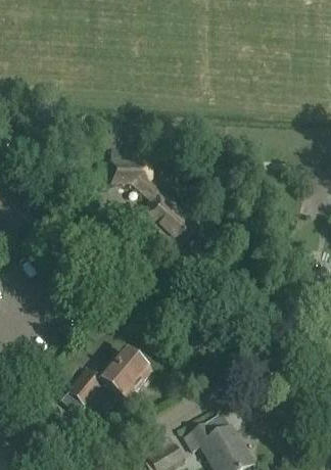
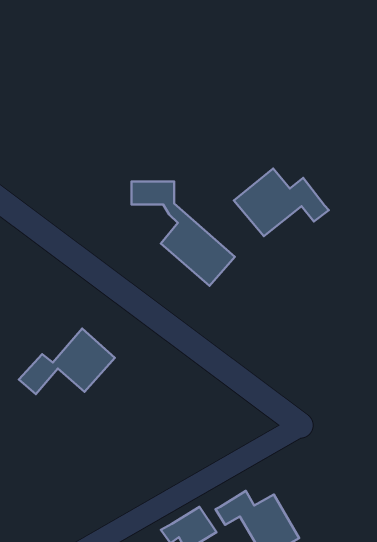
building: none -> [234,168,329,236]
building: [69,348,150,404] -> [19,329,115,394]

